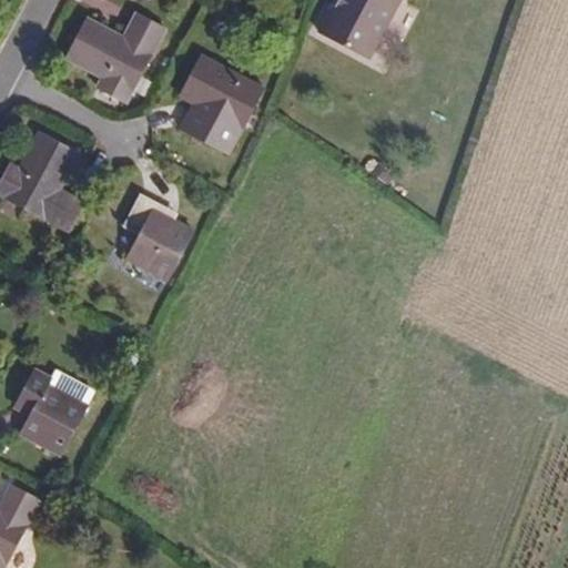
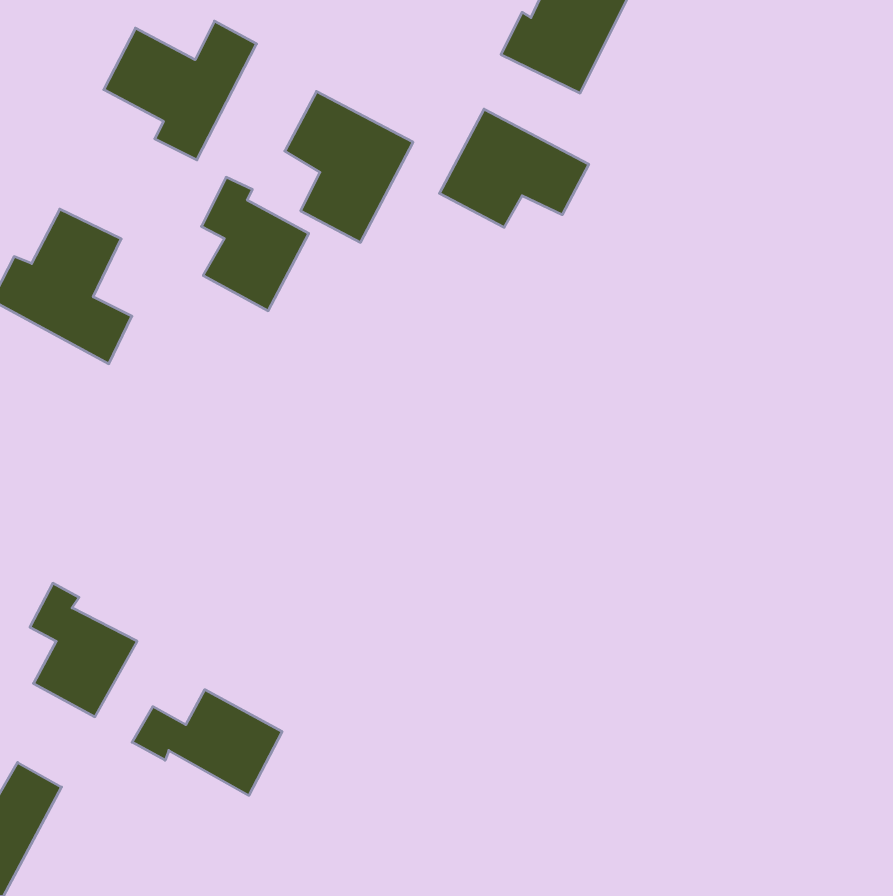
building: none -> [439,109,589,227]
building: [125,192,193,276] -> [201,177,309,311]
building: none -> [132,690,282,795]

